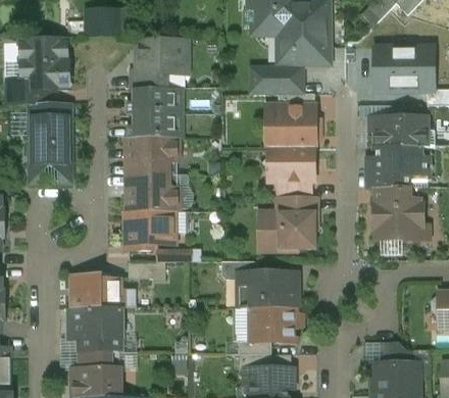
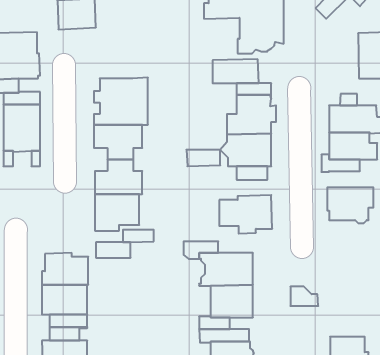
building: [132,39,185,89] -> none
building: [373,41,407,90] -> none
building: [376,187,409,204] -> none
building: [279,196,314,213] -> [186,150,220,166]
building: [384,342,413,362] -> [290,287,318,306]

